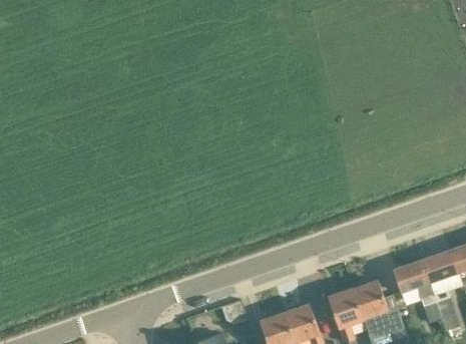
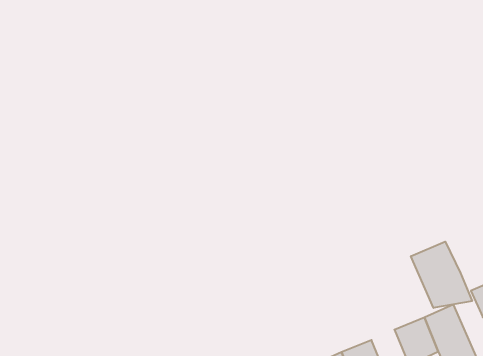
building: none -> [411,242,472,308]

